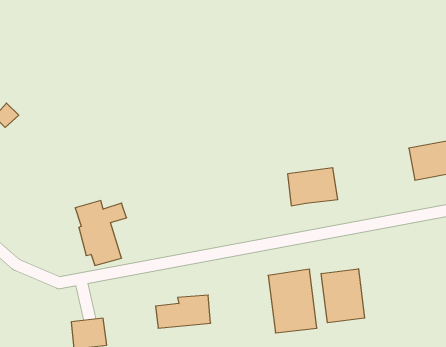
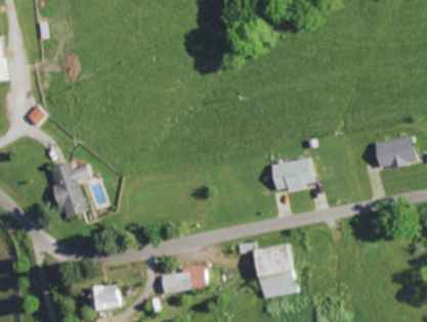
building: [75,201,127,265] -> [48,163,91,217]
building: [321,269,365,323] -> none

